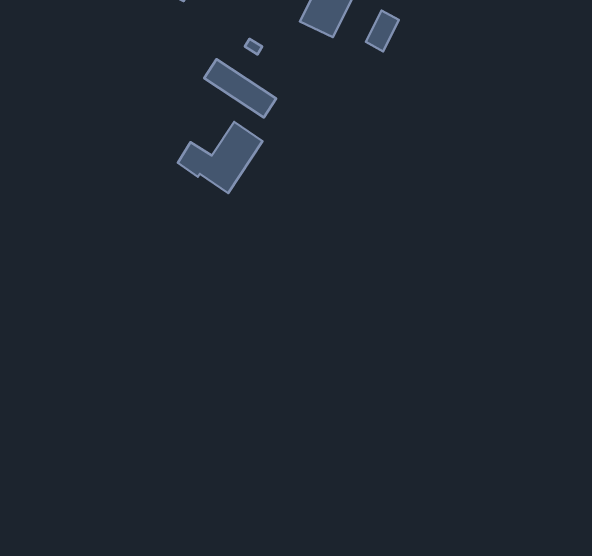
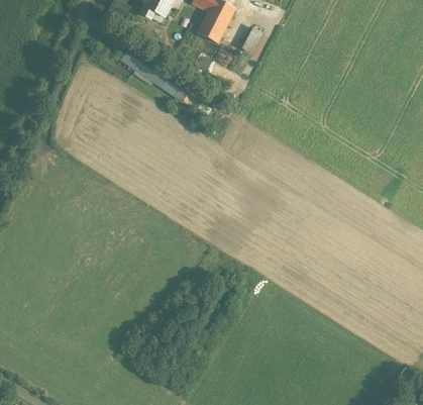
building: [178,122,262,193] -> none

